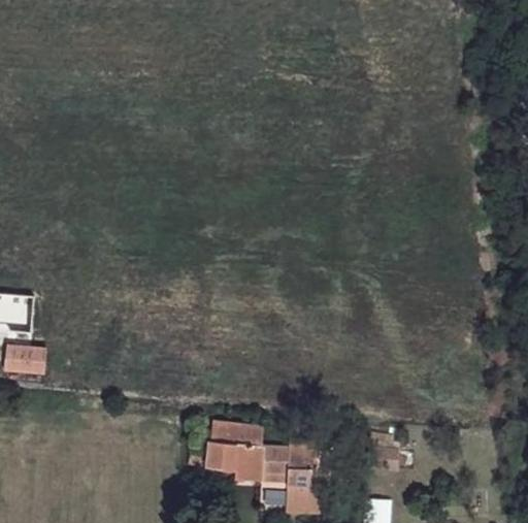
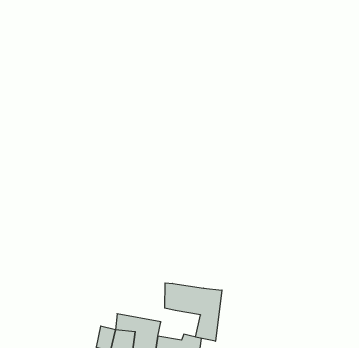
building: none -> [165,283,222,341]

